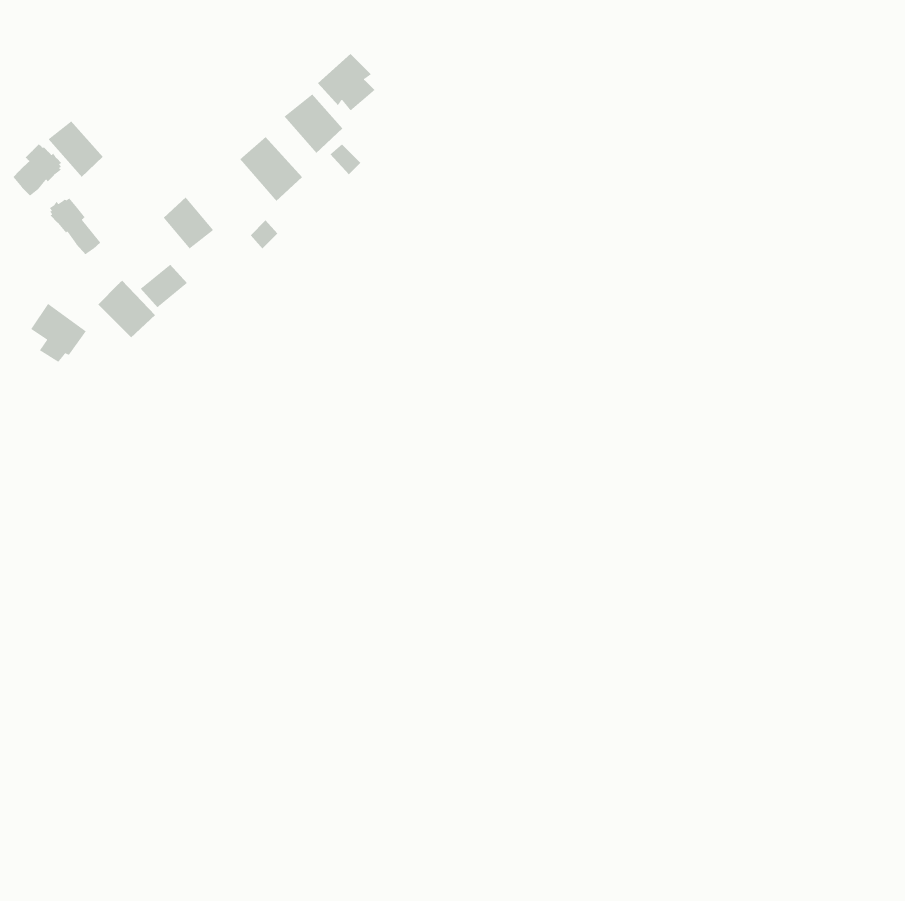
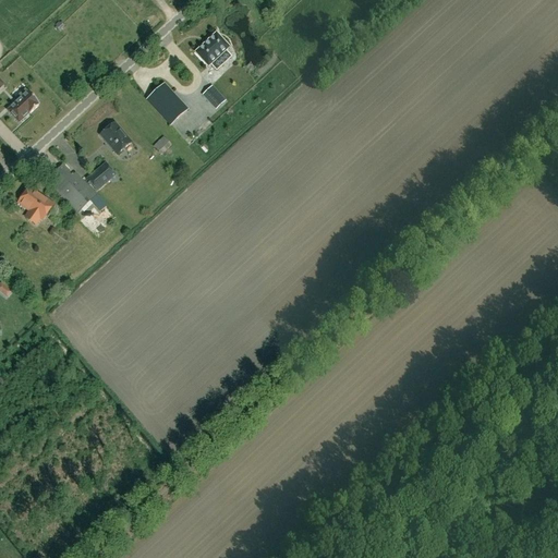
building: [283,93,343,154] -> none
building: [47,120,103,178] -> none
building: [49,197,101,255] -> none

